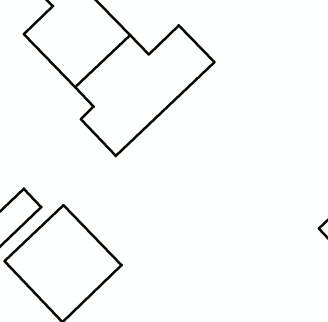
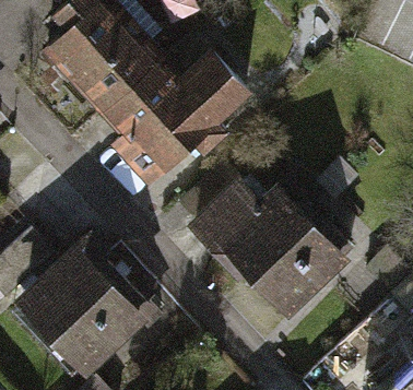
building: none -> [192,167,347,310]

